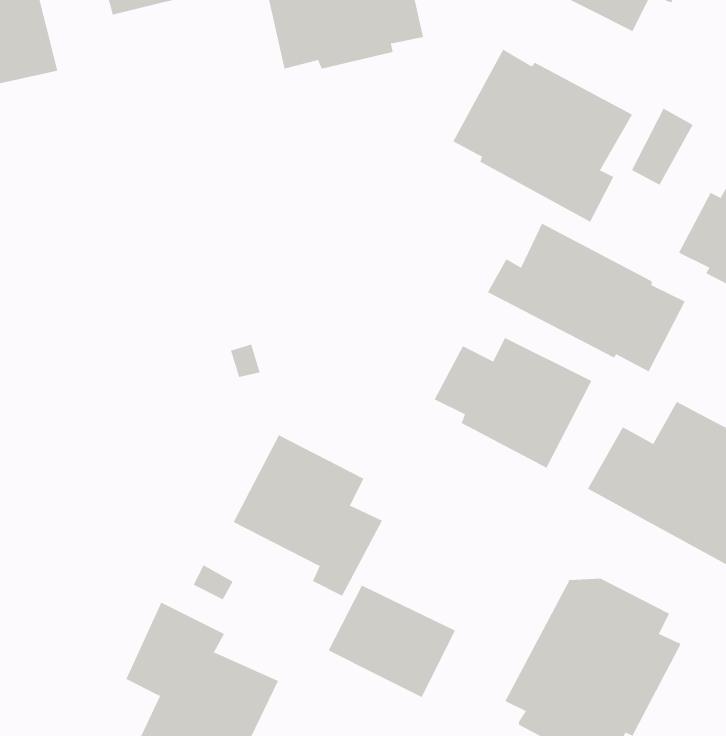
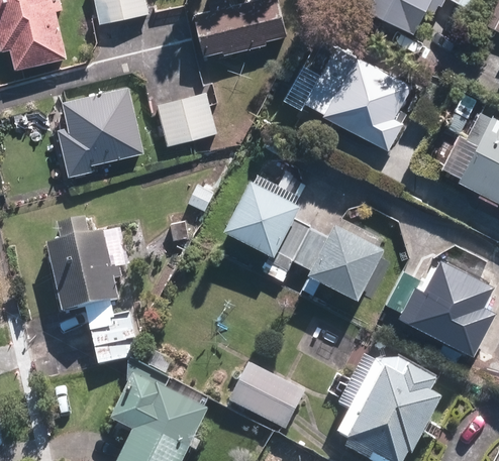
building: none -> [57,86,144,177]
building: none -> [159,93,219,147]
building: [487,223,686,372] -> none
building: none -> [45,221,137,368]
building: [233,435,383,596] -> [220,171,310,268]

